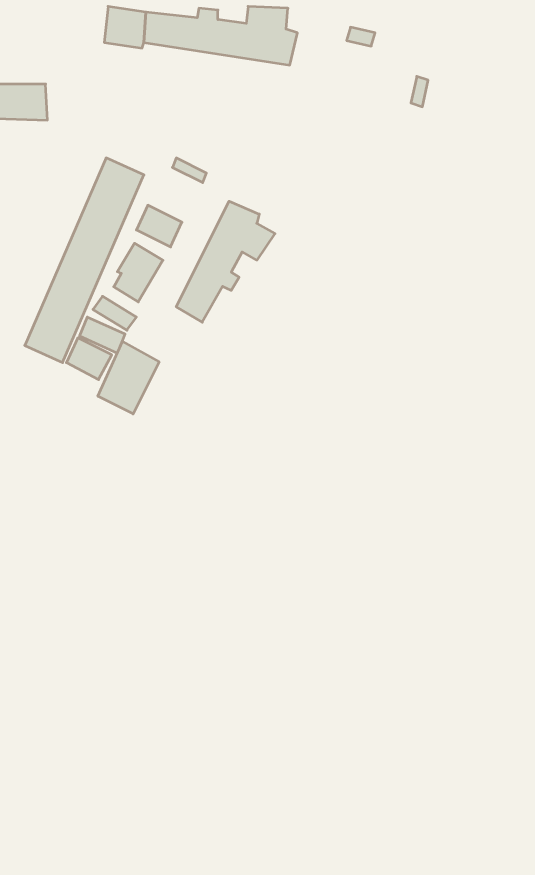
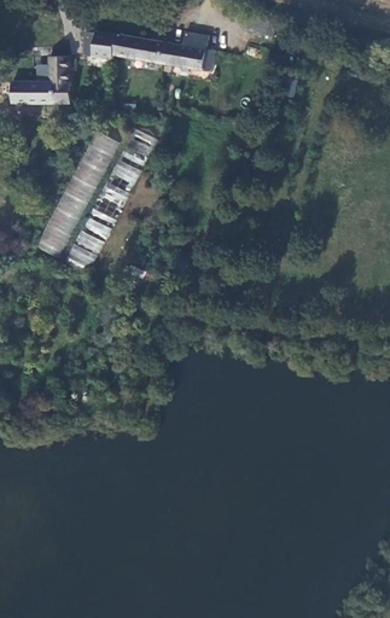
building: none -> [51,58,72,106]
building: [176,201,275,322] -> none
building: [98,342,159,414] -> none

